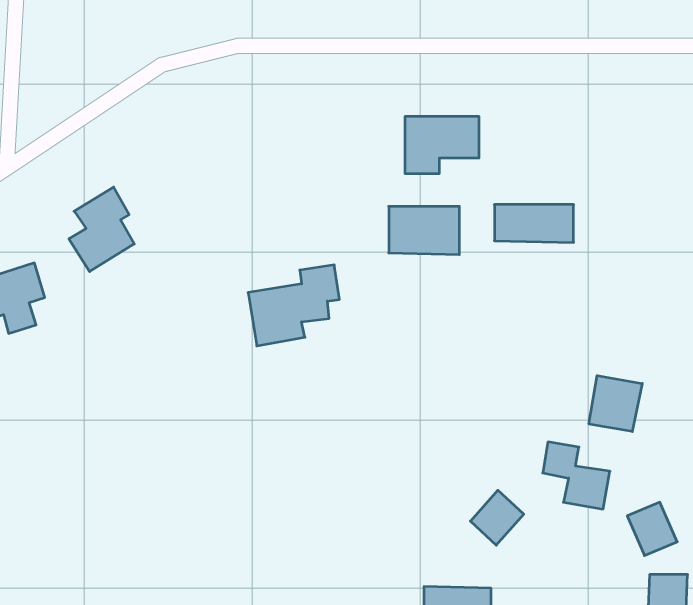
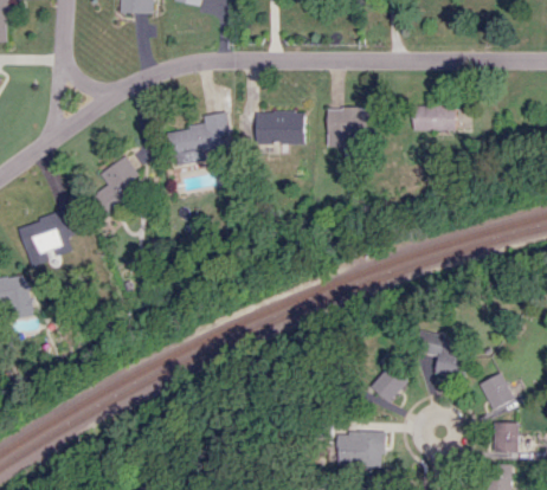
building: [494,205,574,242] -> [412,105,466,131]
building: [389,206,459,255] -> [255,111,303,144]
building: [248,265,339,346] -> [167,111,230,167]
building: [589,376,642,432] -> none

